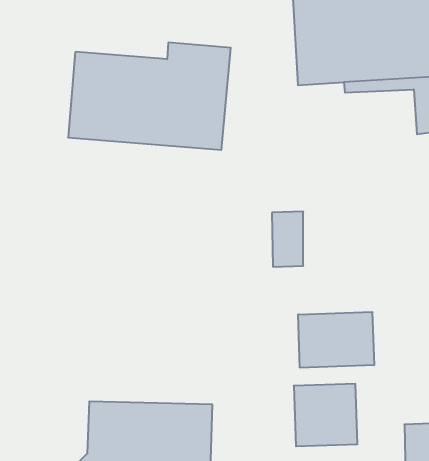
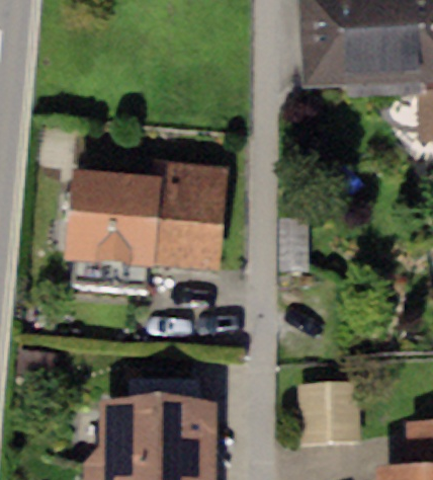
building: [68,43,231,150] -> [67,167,225,271]
building: [298,312,374,368] -> none

